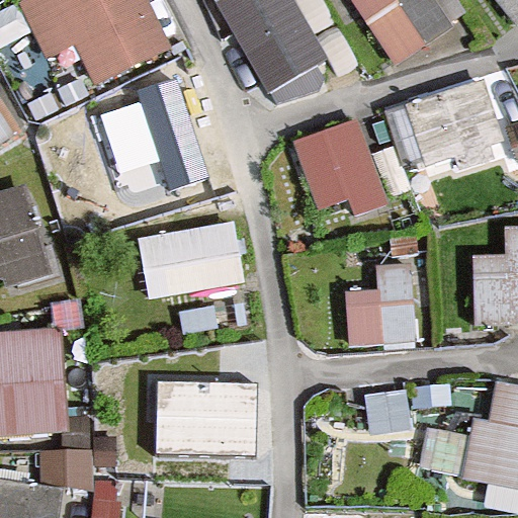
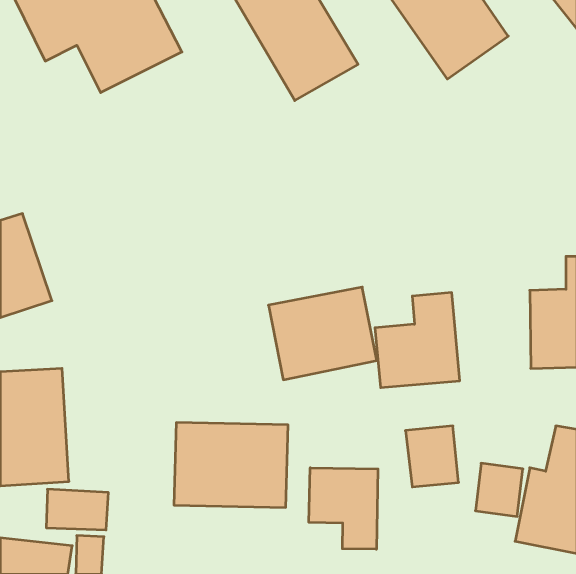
building: [135,65,220,183] -> none
building: [404,83,507,180] -> none
building: [289,117,378,217] -> none
building: [141,223,238,306] -> [268,287,377,380]
building: none -> [309,468,378,549]

